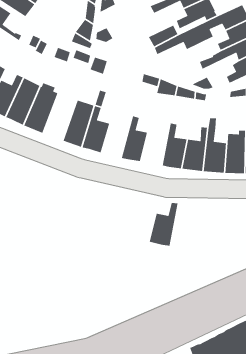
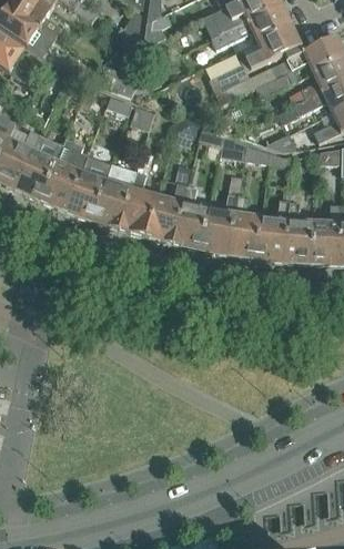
building: none -> [67,154,113,220]
building: none -> [145,182,188,243]
building: [149,202,178,246] -> [199,193,239,253]

